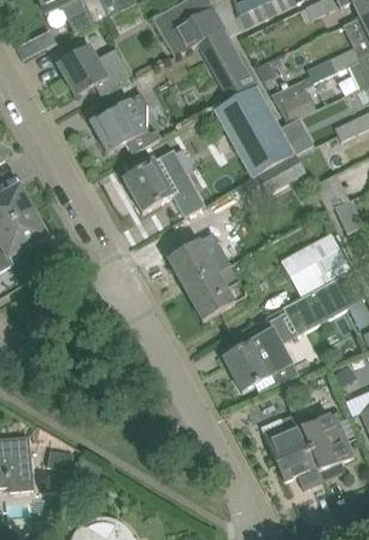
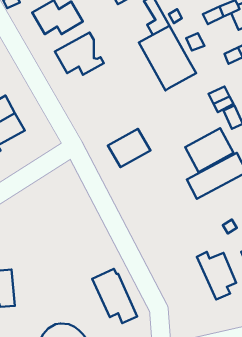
building: [123,149,205,217] -> none
building: [256,152,305,193] -> none
building: [186,264,247,319] -> none
building: [223,329,299,392] -> none
building: [259,411,324,489] -> [92,269,137,323]

